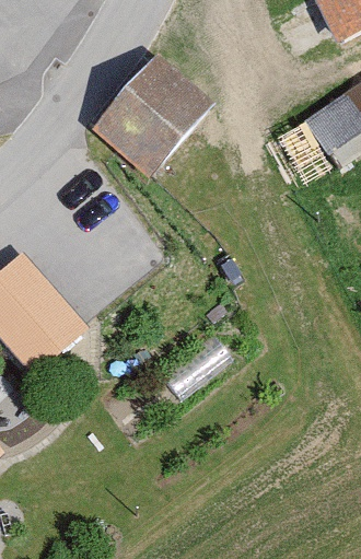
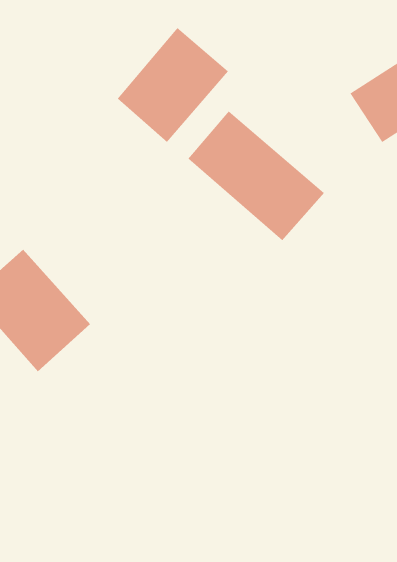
building: none -> [187,110,325,241]

